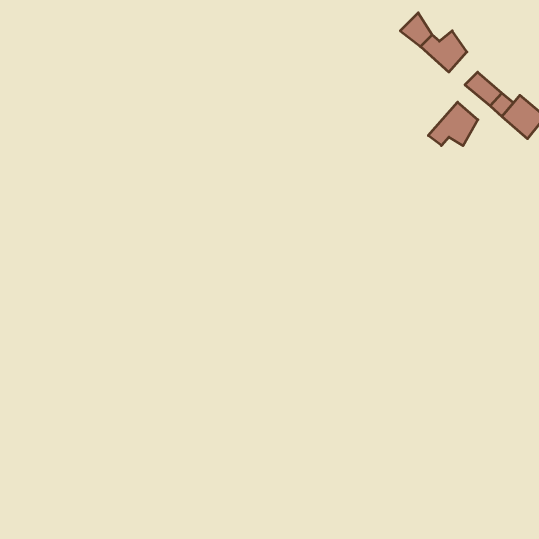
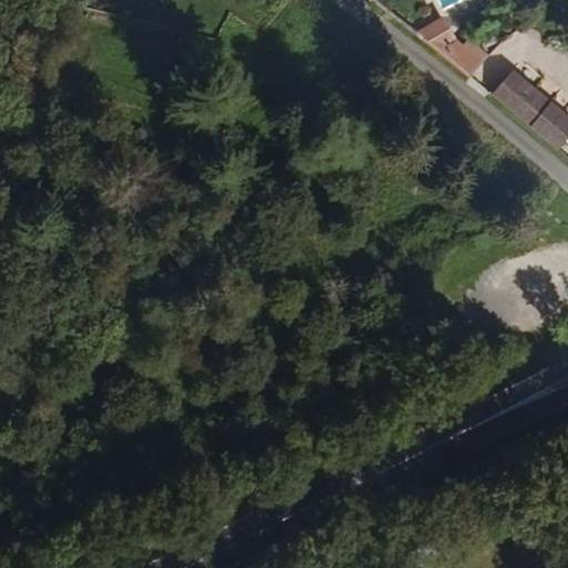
building: [428,102,478,146] -> none

